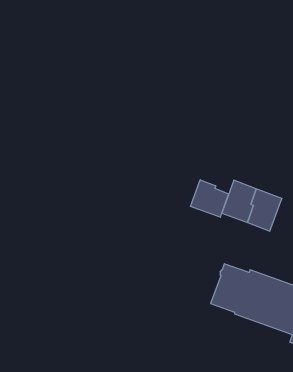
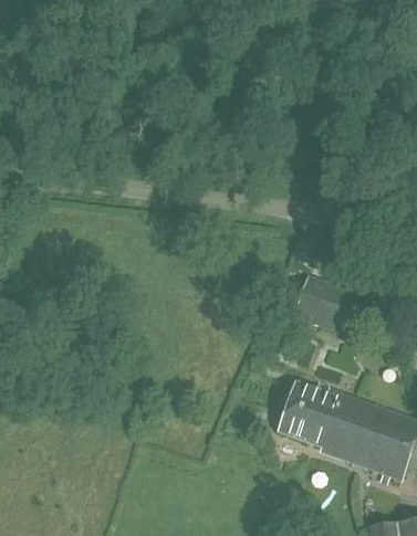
building: [190,180,228,217] -> none

